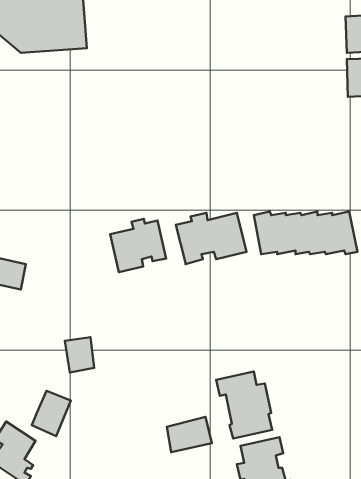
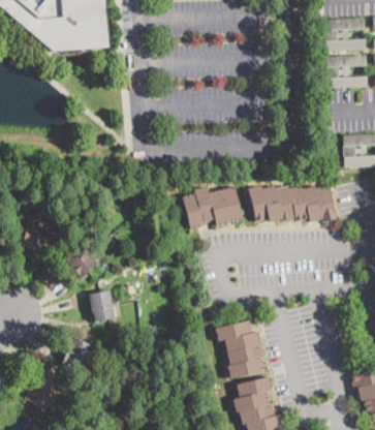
building: [110,219,166,272] -> none
building: none -> [65,242,98,277]
building: [167,417,212,452] -> none

